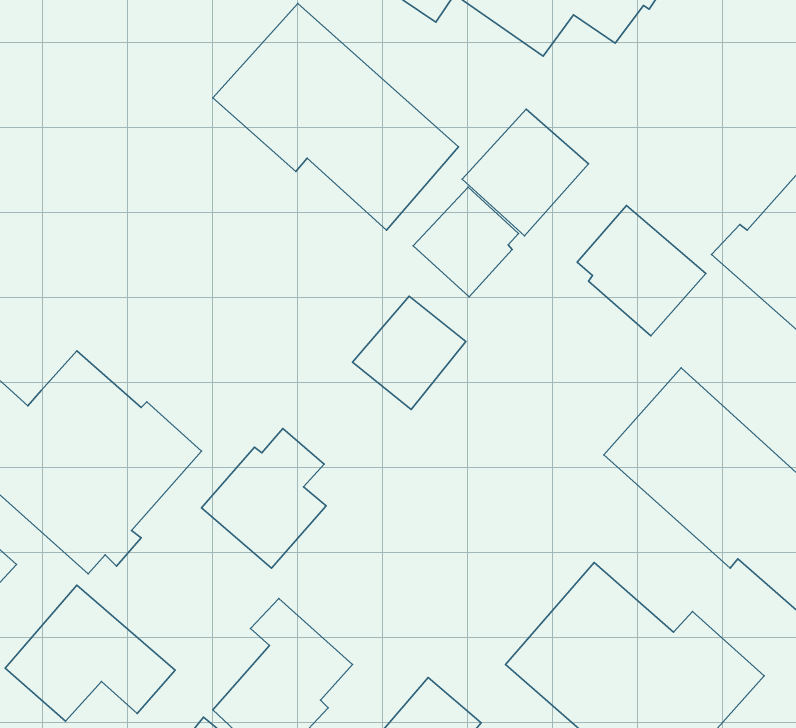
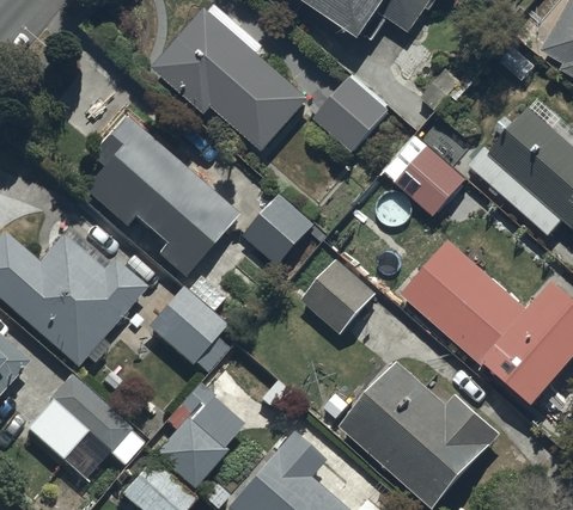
building: none -> [80,116,238,278]
building: [413,187,518,297] -> none
building: none -> [300,258,374,332]

